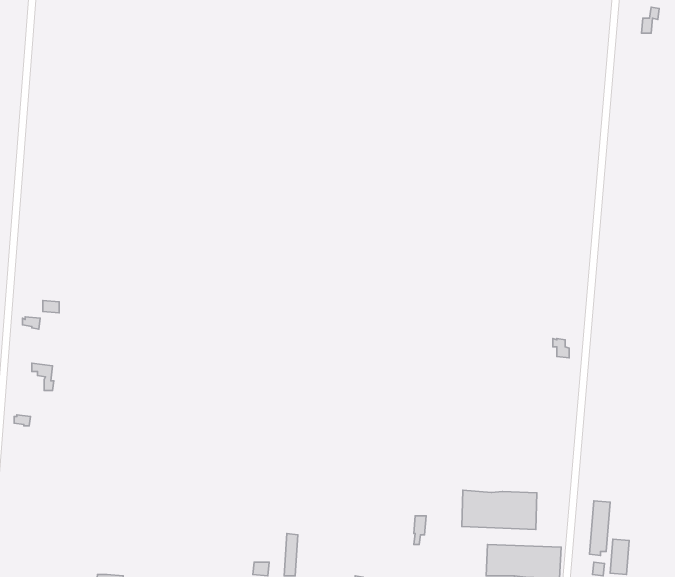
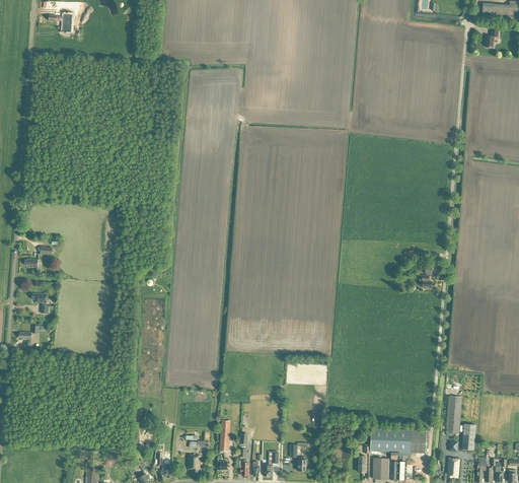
building: [462,490,537,529] -> none

